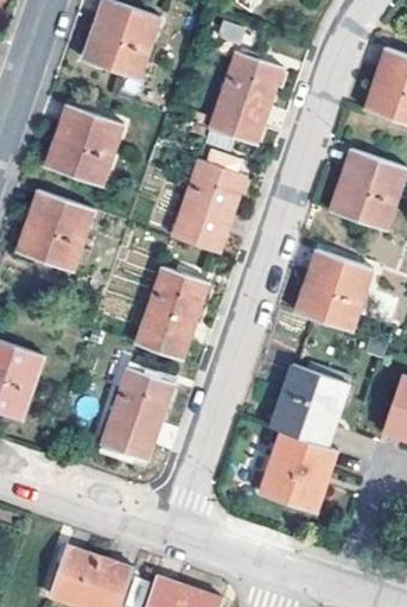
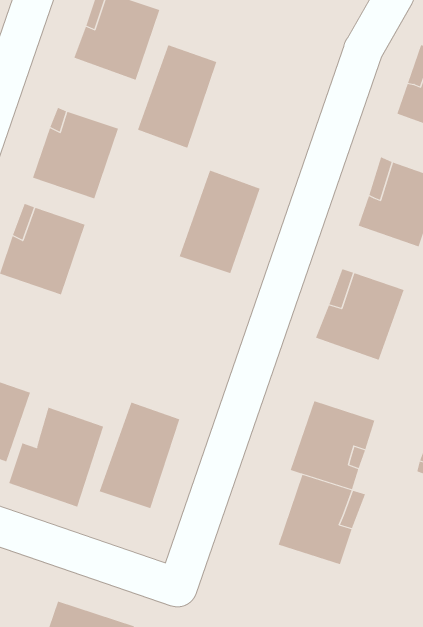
building: [211,53,282,146] -> [137,44,217,148]
building: [136,268,209,360] -> none
building: none -> [8,407,104,507]

